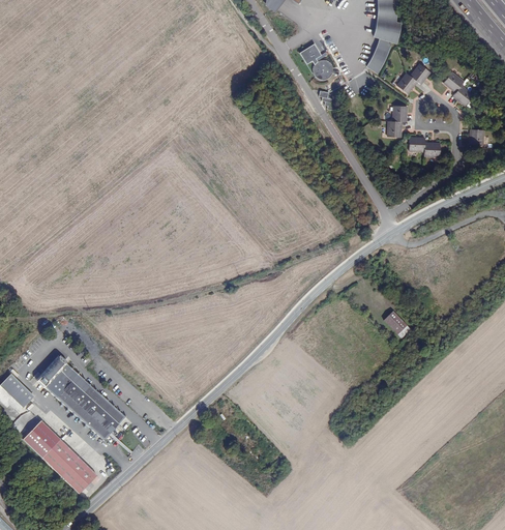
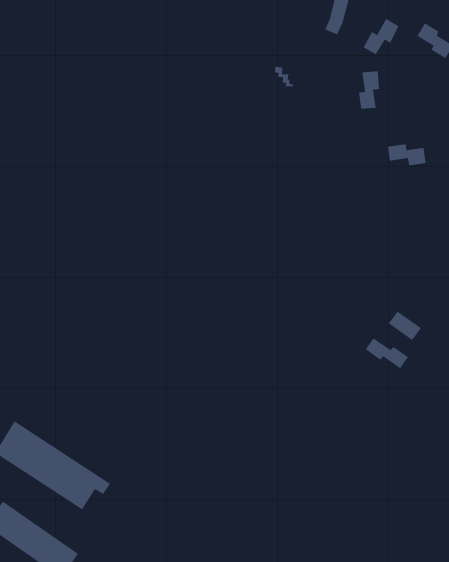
building: [301,42,339,78] -> none
building: [410,137,441,155] -> [387,144,426,166]
building: none -> [365,337,409,369]

